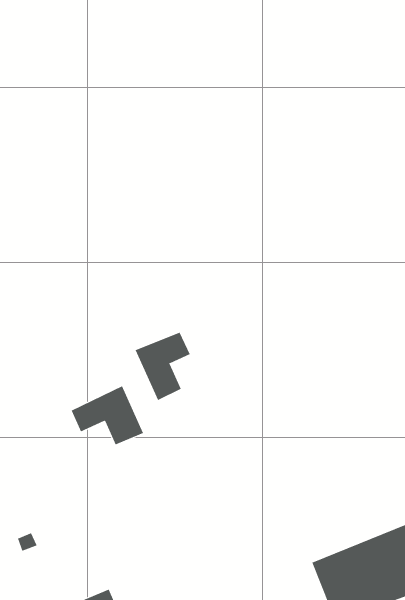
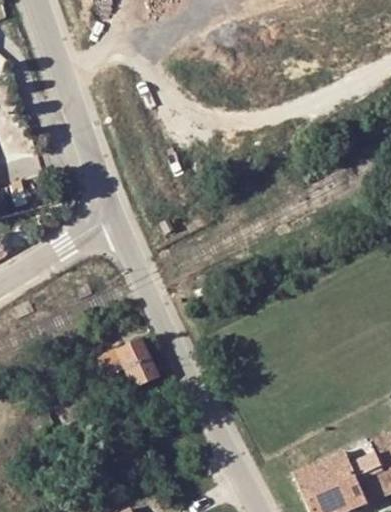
building: [135,332,190,401] -> none

